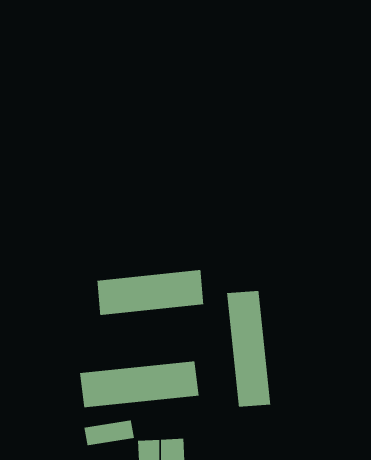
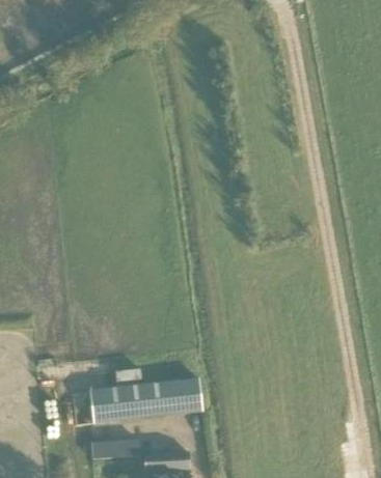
building: [97,269,204,316] -> none
building: [227,290,271,408] -> none

